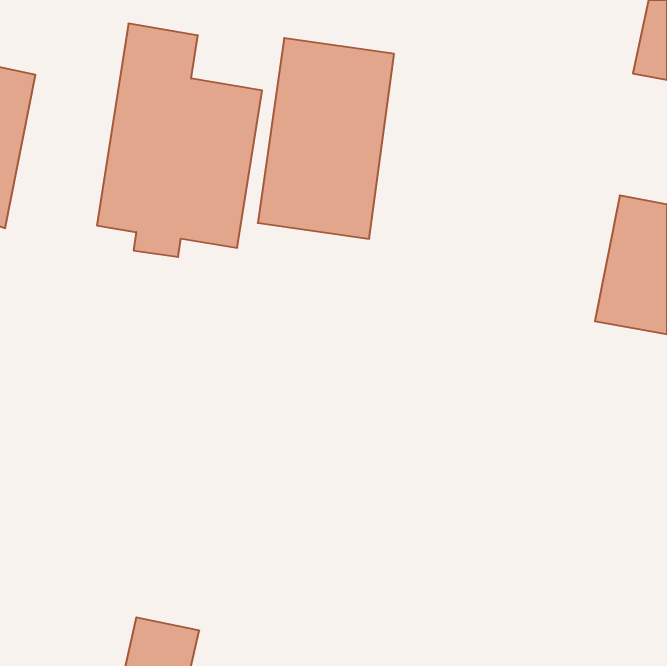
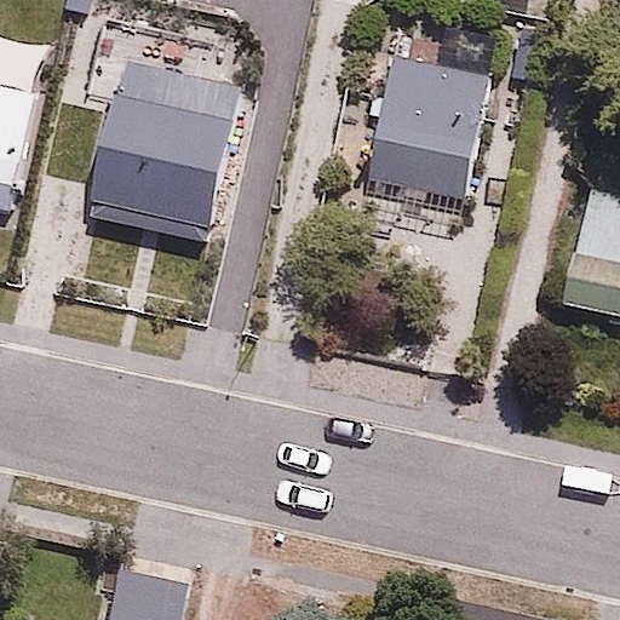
building: [258,38,394,239] -> [366,36,492,222]

